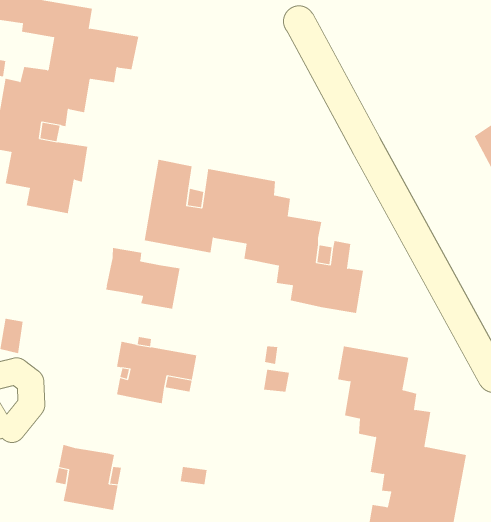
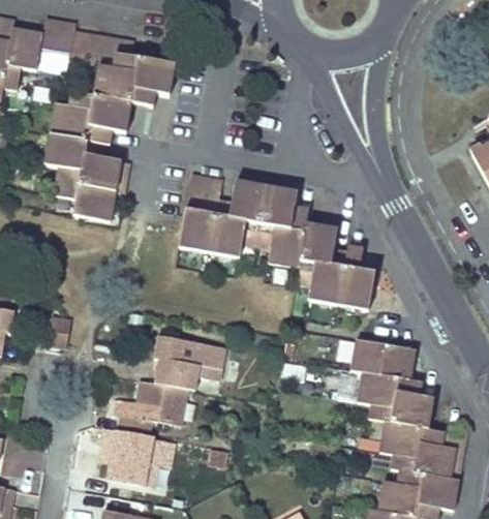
building: [106,247,180,310] -> none
building: none -> [111,380,188,435]

